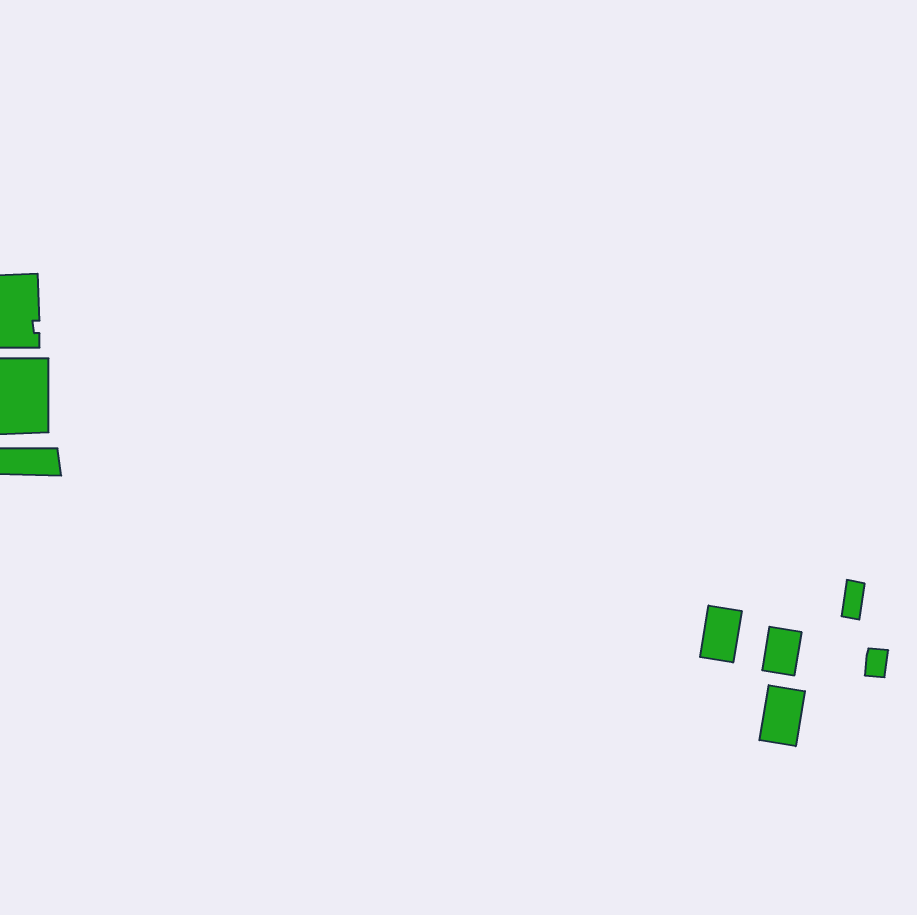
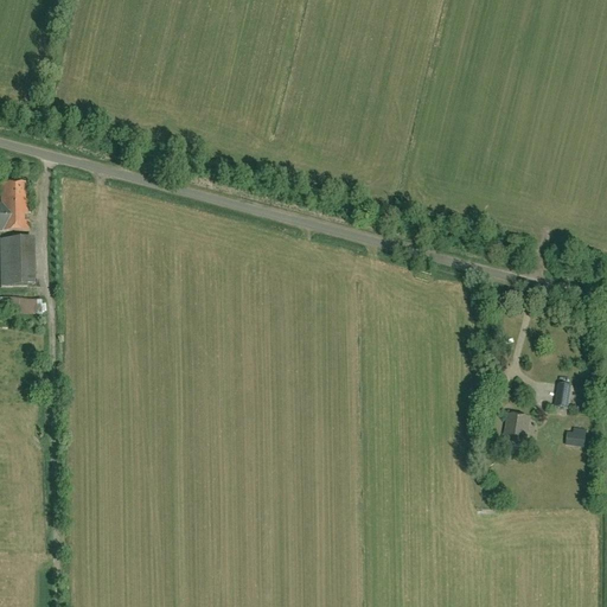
building: [700,605,742,663] -> none
building: [759,685,805,746] -> none

